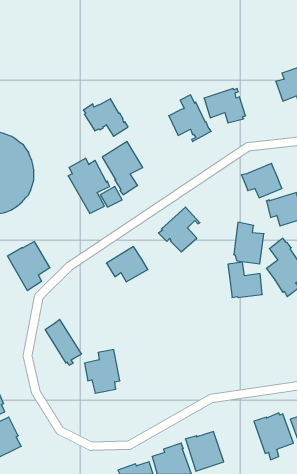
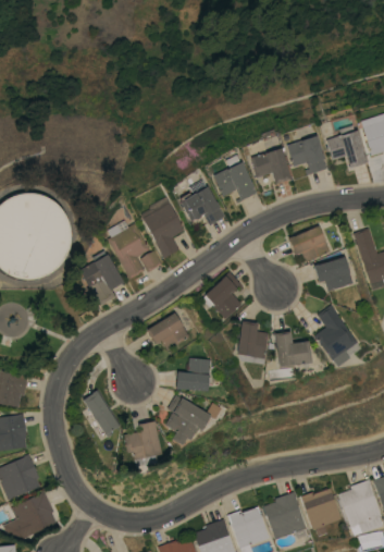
building: none -> [286,135,326,174]
building: [83,99,128,136] -> [178,186,225,225]
building: [234,222,264,264] -> [236,320,268,364]
building: [7,242,50,290] -> [79,254,124,305]
building: none -> [176,357,212,391]
building: none -> [165,394,222,444]
building: none -> [264,491,307,539]

